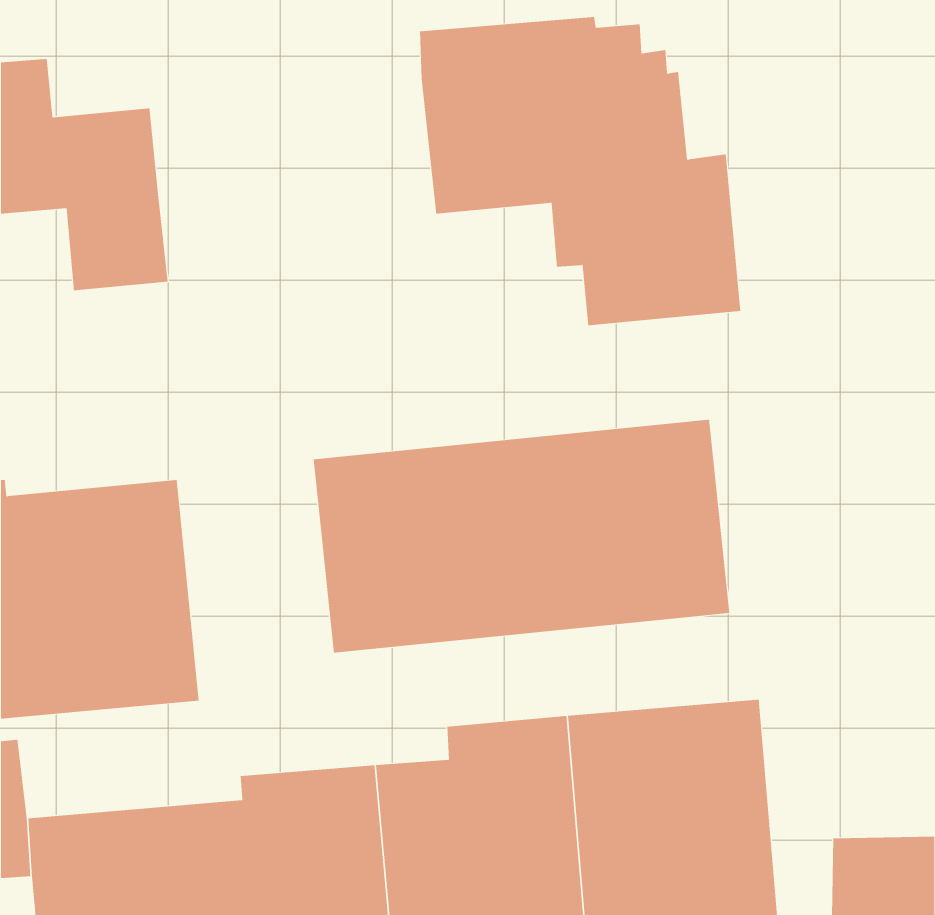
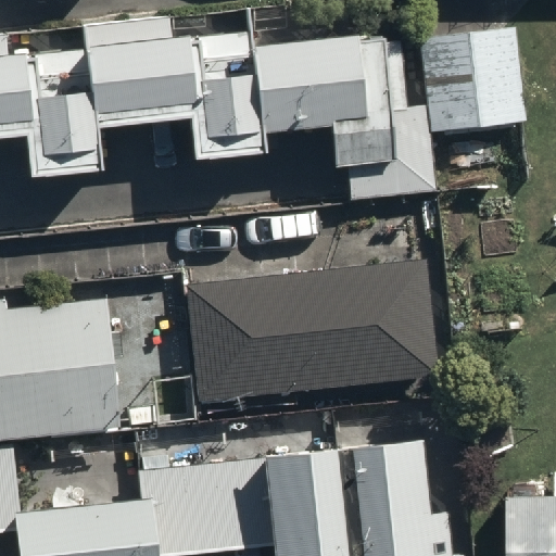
building: none -> [85,23,261,167]
building: none -> [428,34,522,132]

